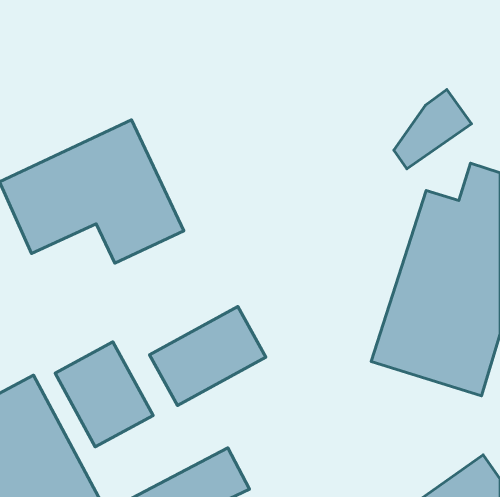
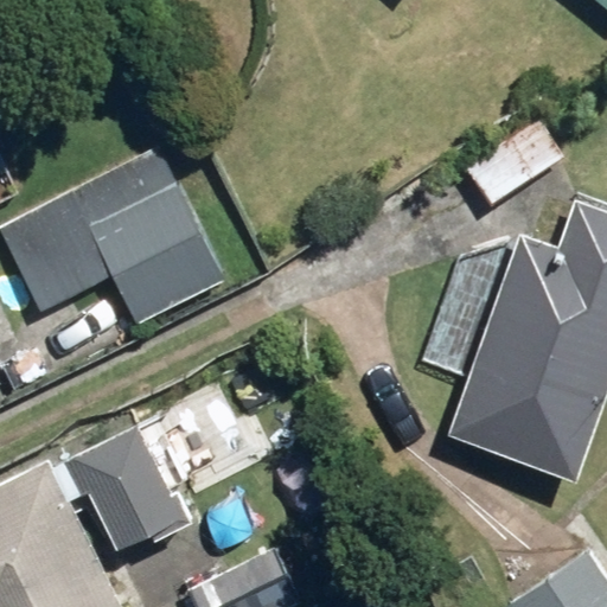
building: [149,306,266,406] -> none

